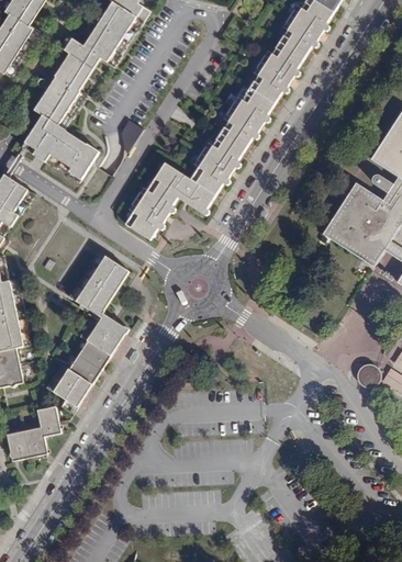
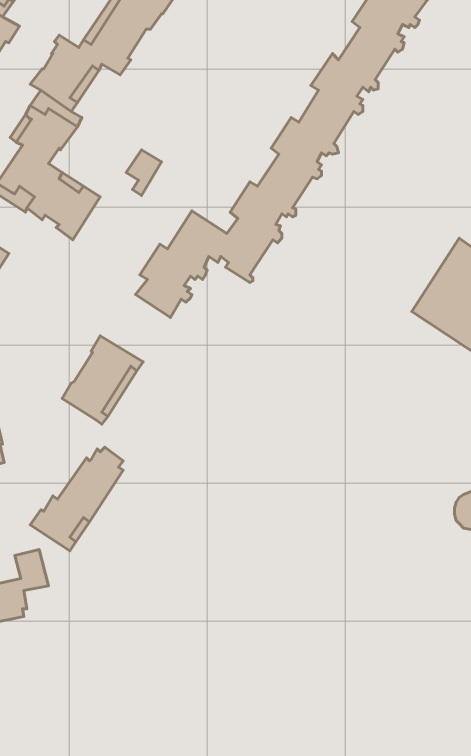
building: [81,312,126,348] -> none

